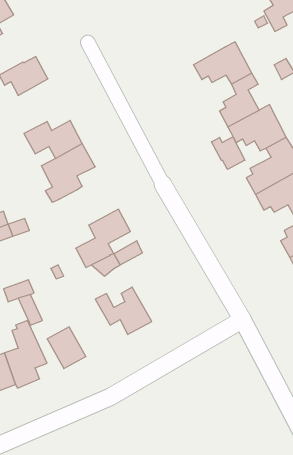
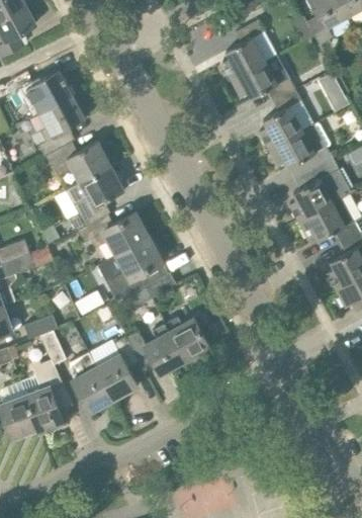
building: none -> [222,20,266,80]
building: none -> [38,95,85,156]
building: [211,137,245,169] -> none
building: none -> [79,212,150,255]
building: none -> [165,316,210,360]
building: none -> [96,336,141,399]

